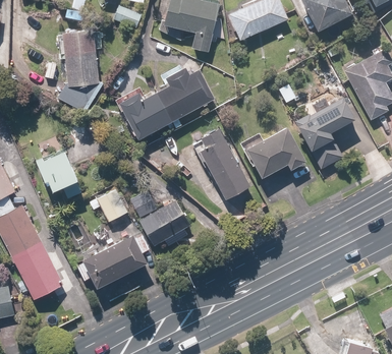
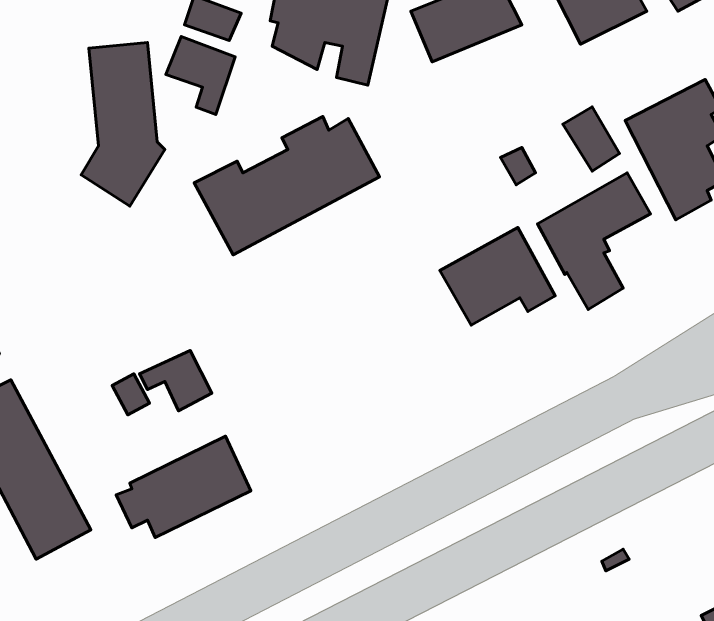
building: none -> [166,37,235,114]
building: [202,129,250,198] -> none
building: [38,151,85,198] -> none
building: [128,184,189,246] -> none

